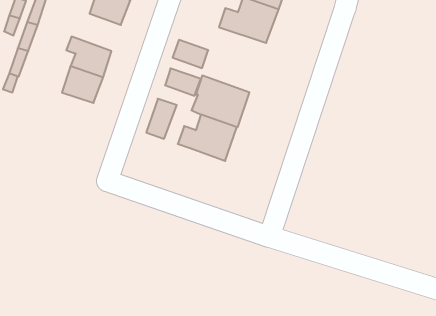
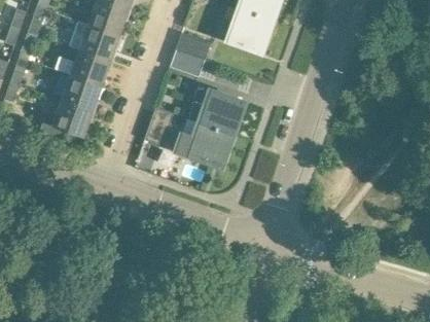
building: none -> [69,22,119,62]
building: [165,68,201,96] -> [175,34,210,61]
building: none -> [37,102,92,143]

